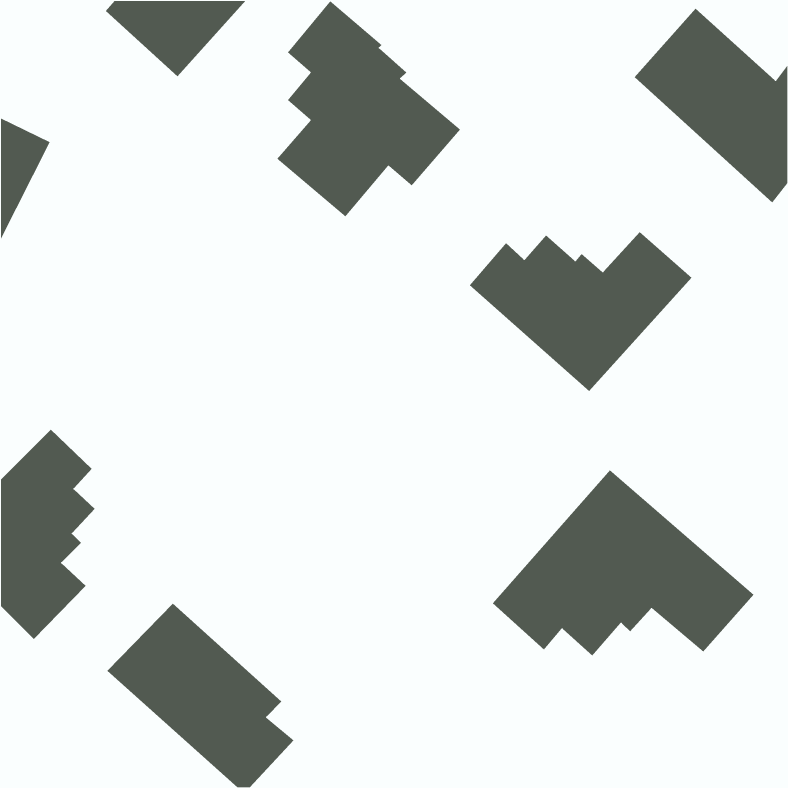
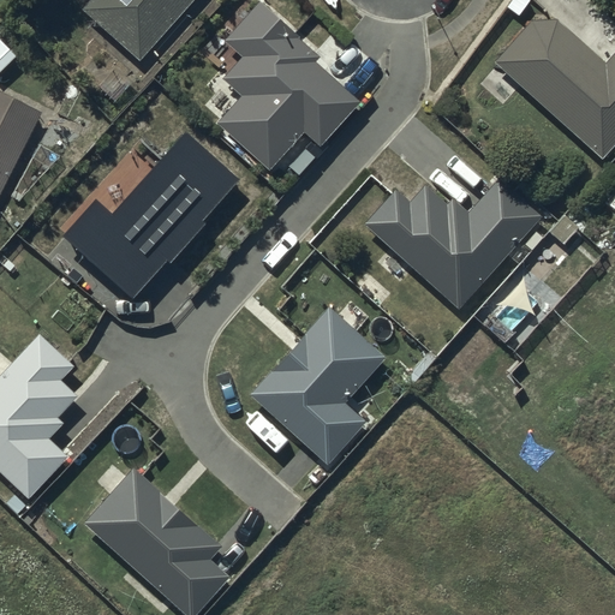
building: none -> [64,130,243,299]
building: none -> [249,308,384,464]
building: [492,469,755,656] -> none

